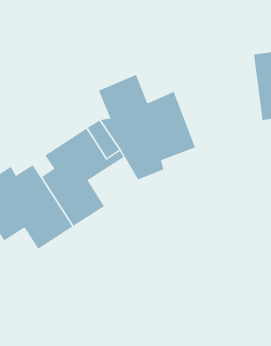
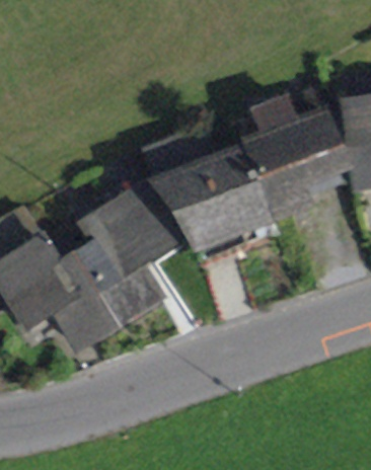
building: none -> [241,100,346,219]

